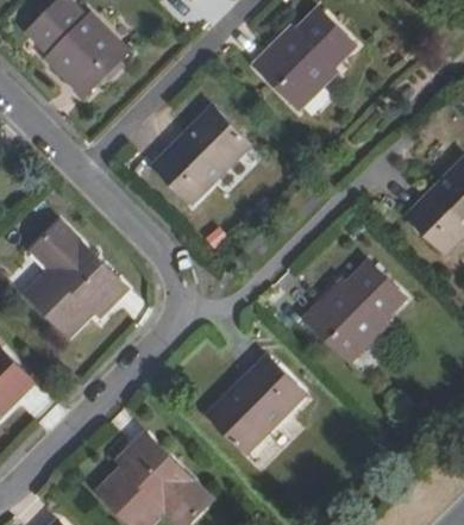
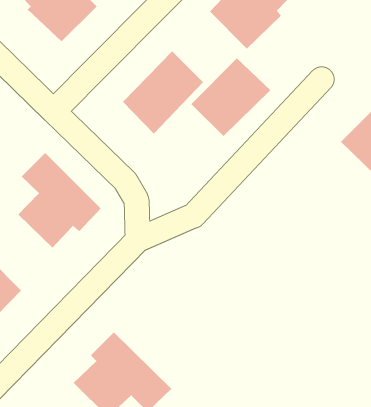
building: none -> [190,57,271,137]
building: [303,264,401,361] -> none
building: [208,354,306,450] -> none

